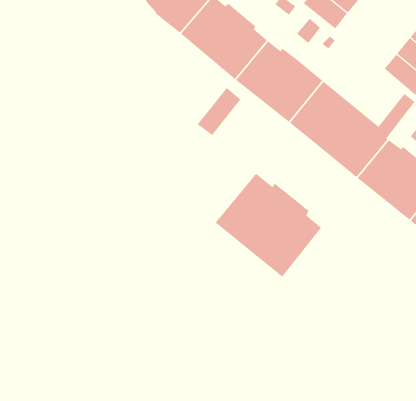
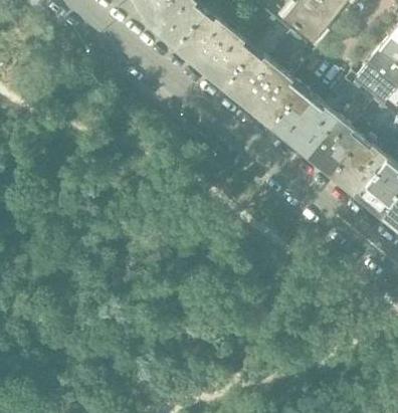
building: [197,87,241,136] -> none
building: [215,173,322,277] -> none

